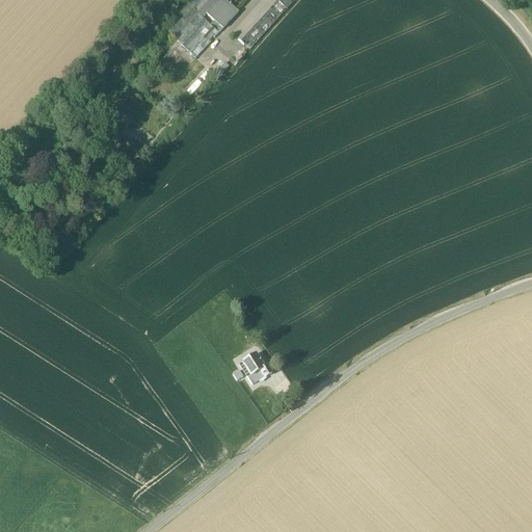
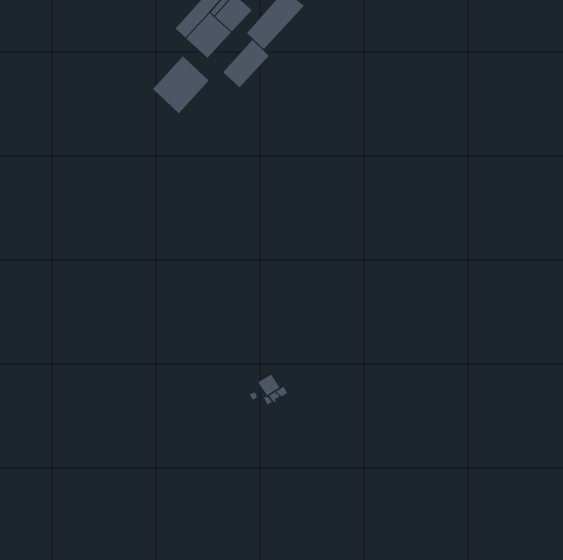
building: none -> [223,39,270,88]
building: none -> [152,55,210,114]

